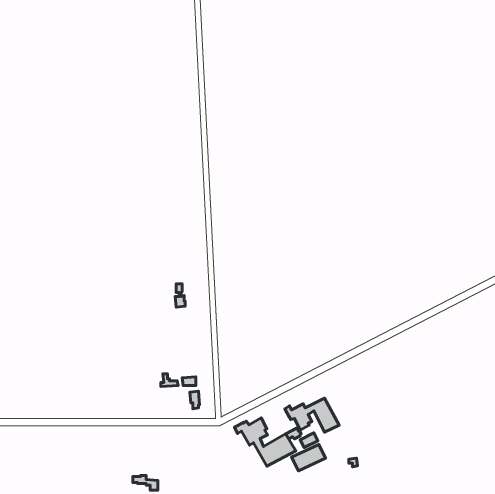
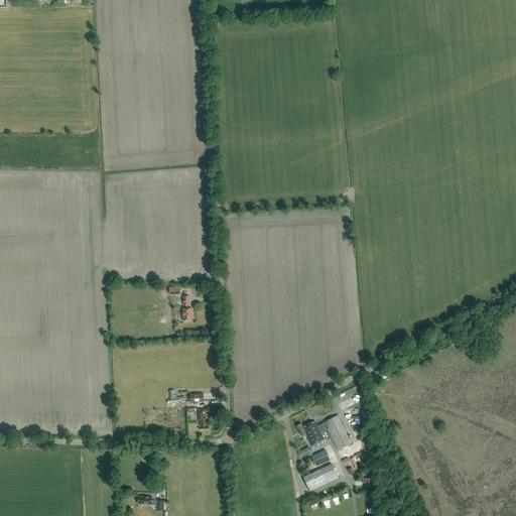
building: [235,418,296,466] -> none

